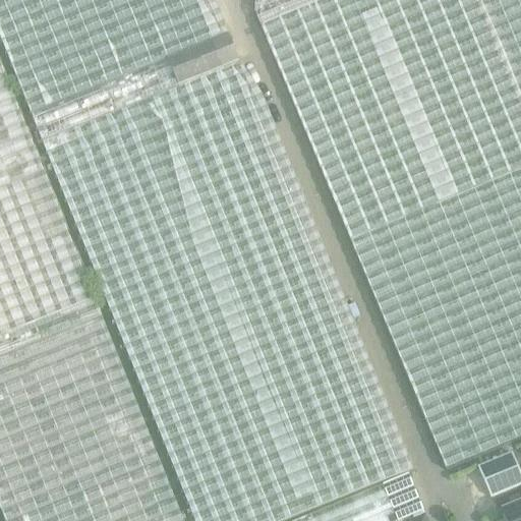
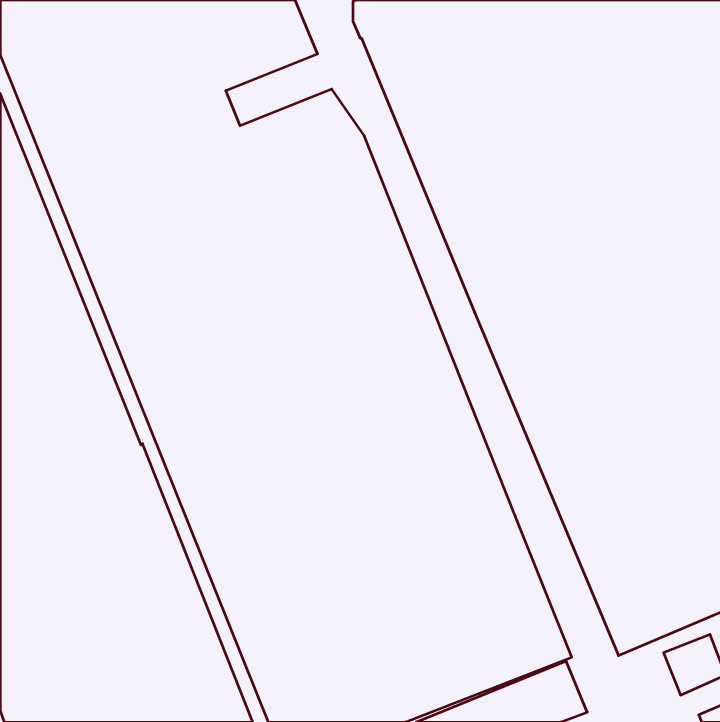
building: [164,39,240,91] -> none

